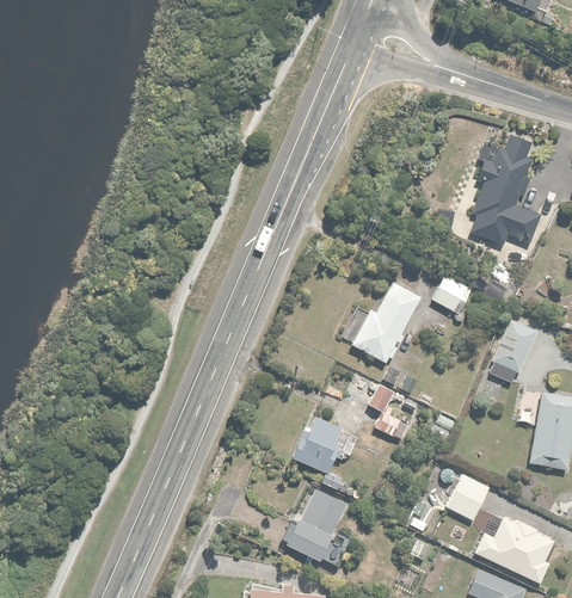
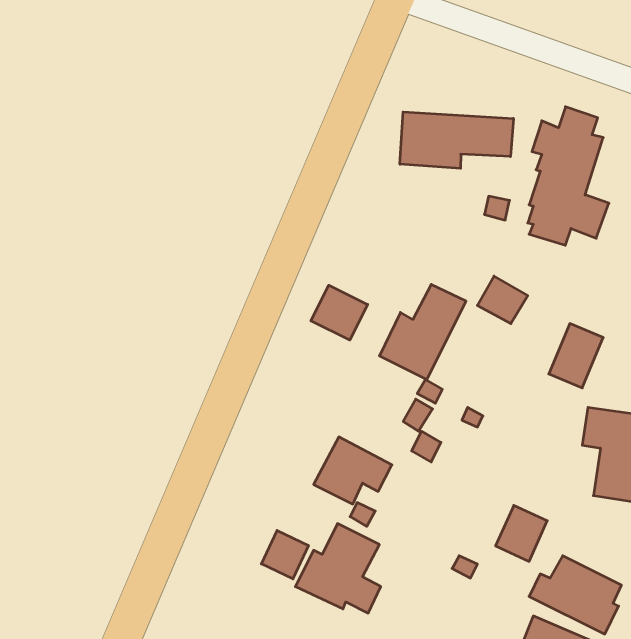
building: none -> [400,112,513,168]
building: none -> [311,285,368,340]
building: none -> [261,530,308,579]

